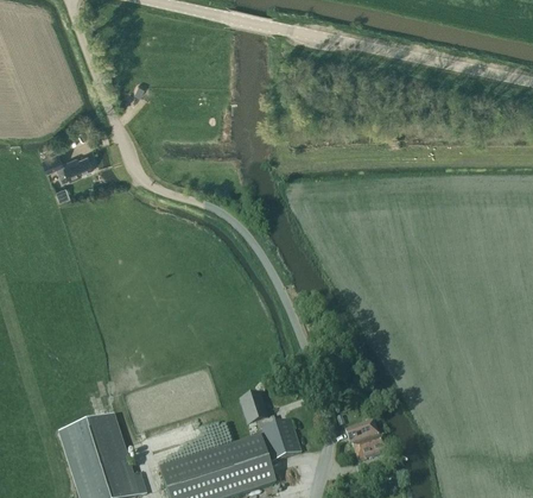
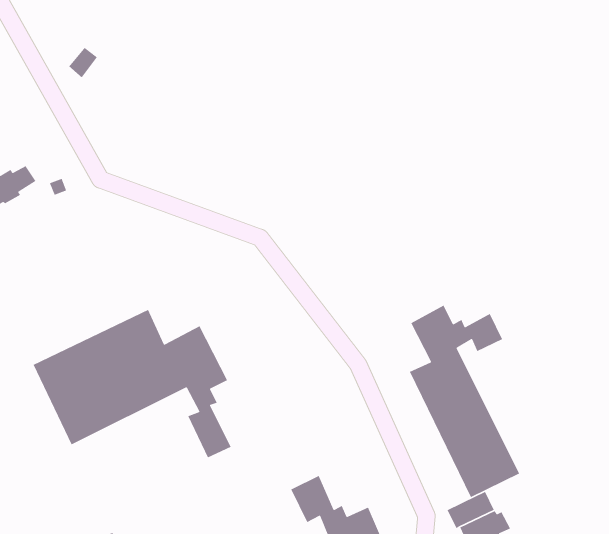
building: none -> [32,309,232,459]
building: none -> [409,305,520,498]

